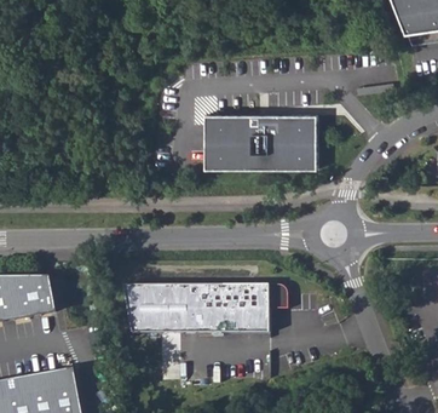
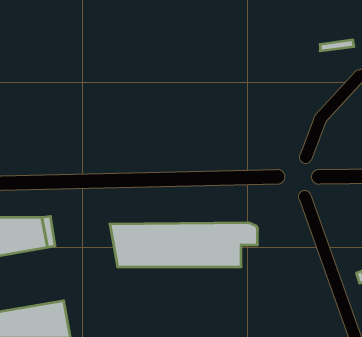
building: [204,114,317,170] -> none

